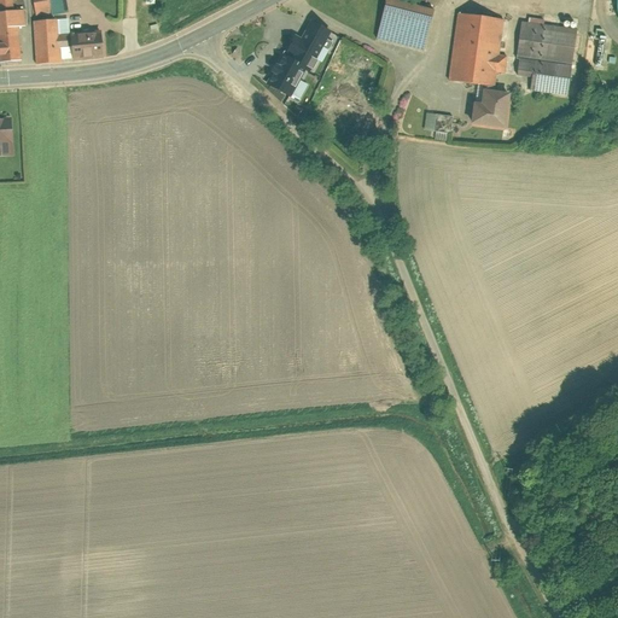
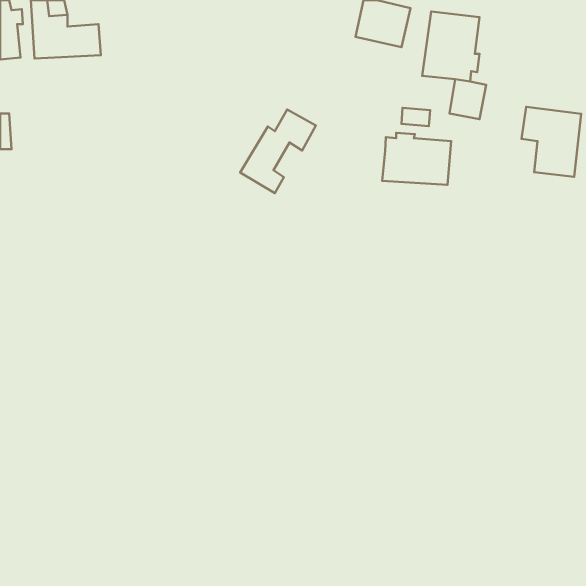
building: [262,17,342,105] -> [240,109,316,193]
building: [513,23,576,97] -> [521,107,581,177]
building: none -> [382,133,451,185]

